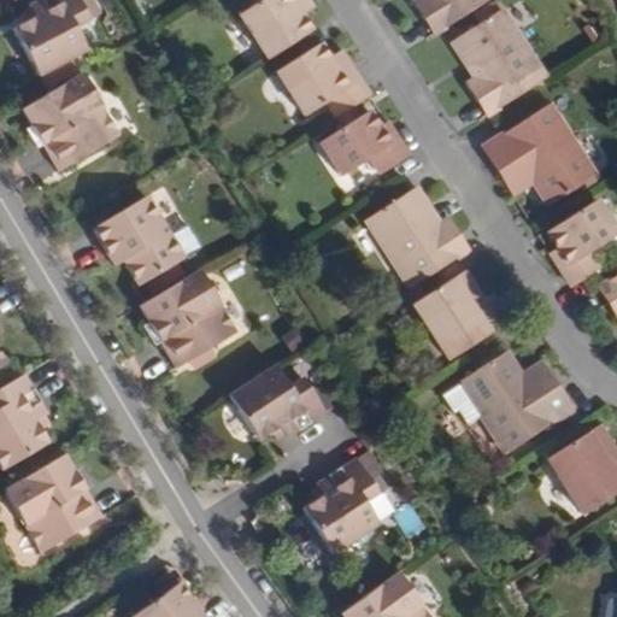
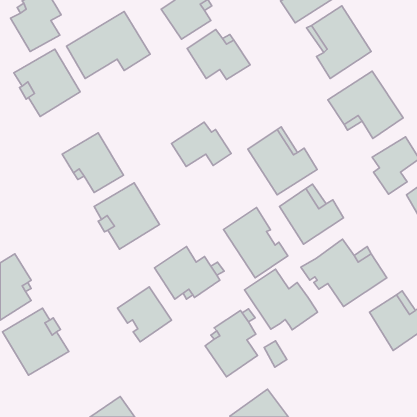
building: none -> [67,11,150,78]
building: [321,110,409,175] -> [171,122,231,166]
building: none -> [224,208,288,278]
building: none -> [245,269,318,330]
building: none -> [117,287,171,342]

